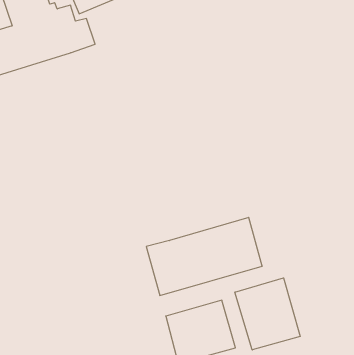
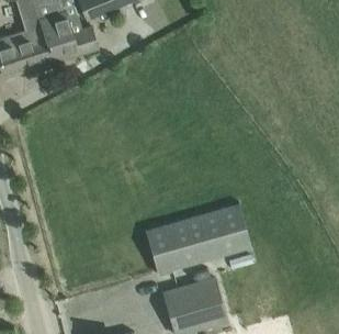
building: [235,278,300,350] -> none

